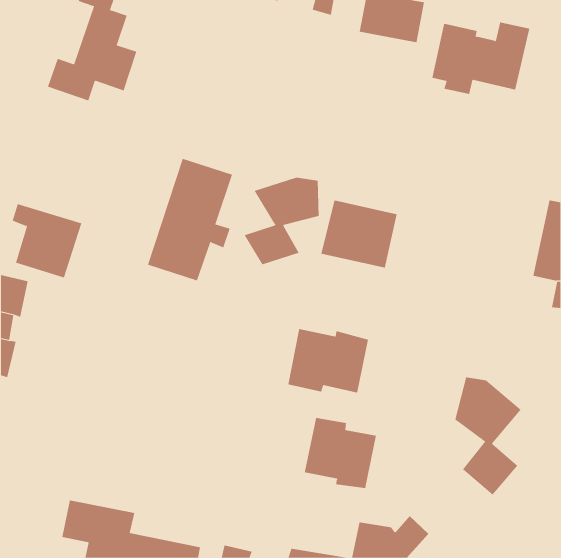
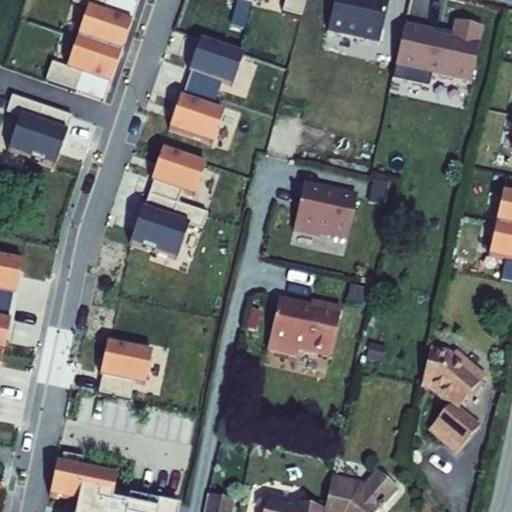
building: none -> [172,35,247,140]
building: [244,177,319,265] -> none
building: [12,203,82,278] -> [8,94,72,162]
building: none -> [97,338,155,397]
building: [304,417,377,489] -> none

